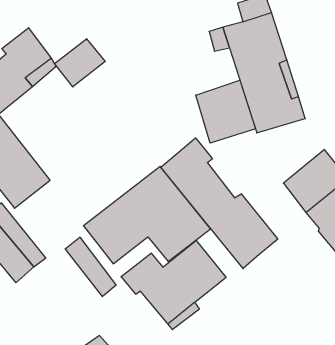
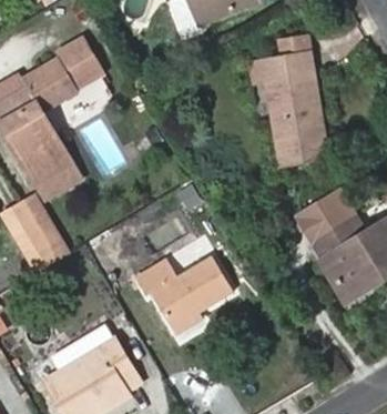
building: [55,39,105,87] -> none
building: [196,80,255,143] -> none
building: [161,138,278,269] -> none

